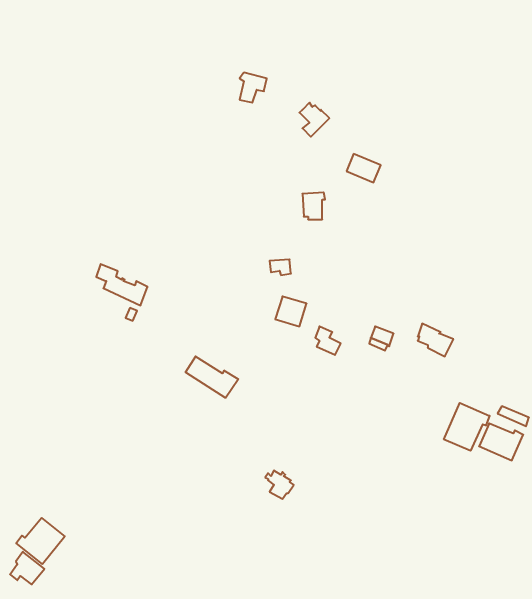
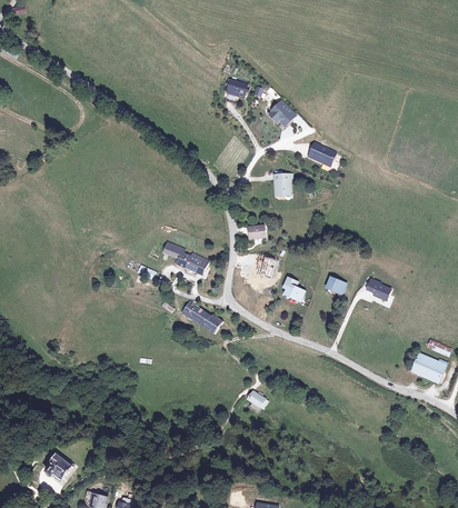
building: [96,264,148,305] -> [168,243,208,276]
building: [444,403,490,451] -> none
building: [16,518,65,564] -> none

